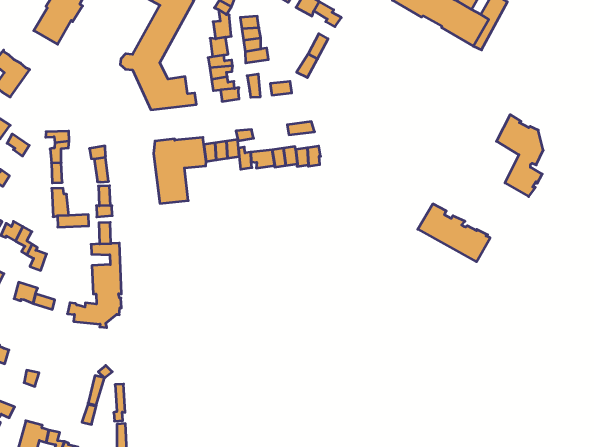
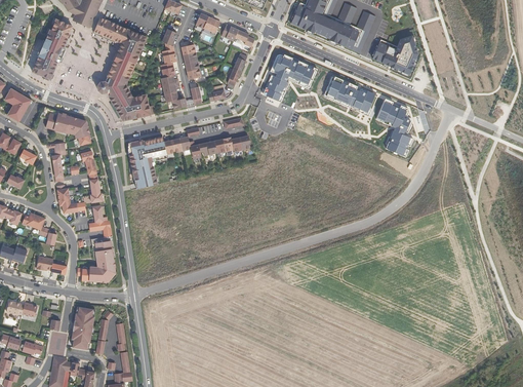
building: none -> [371,35,417,74]
building: none -> [262,53,316,102]
building: none -> [39,106,90,145]
building: [418,204,490,262] -> [323,75,376,114]
building: none -> [71,306,93,349]

